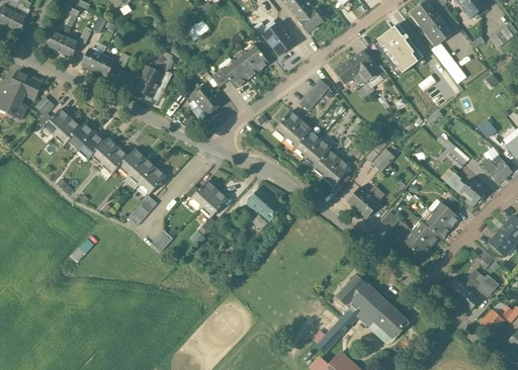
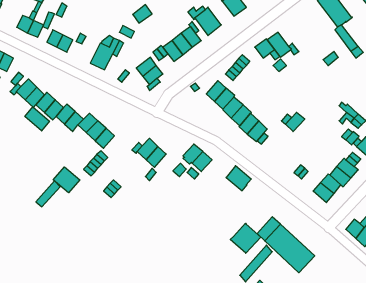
building: [375,24,422,73] -> none
building: none -> [25,107,49,131]
building: [348,187,378,217] -> [226,166,251,191]
building: none -> [53,167,80,193]
building: none -> [230,223,261,253]

